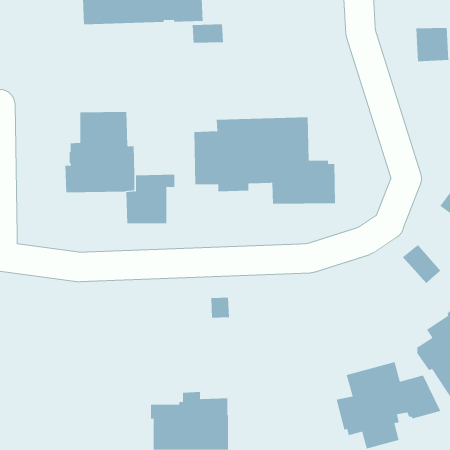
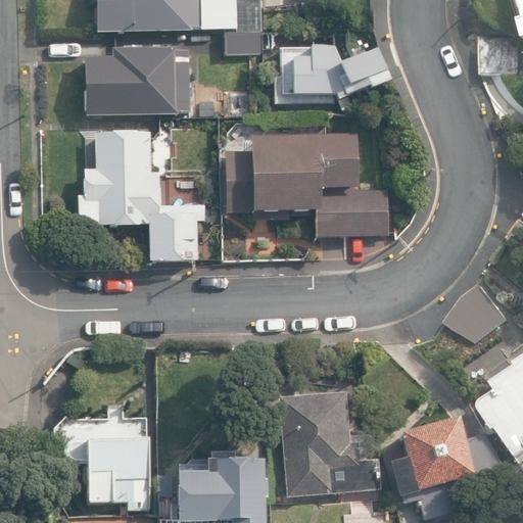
building: none -> [276,31,394,104]
building: none -> [84,44,189,112]
building: none -> [280,391,383,496]
building: none -> [69,440,151,512]

